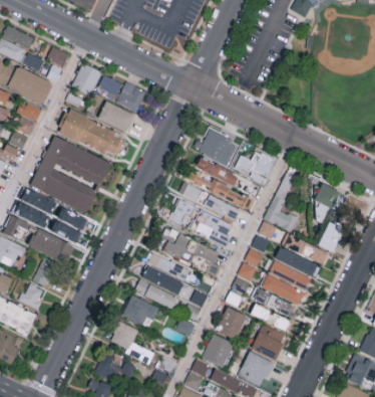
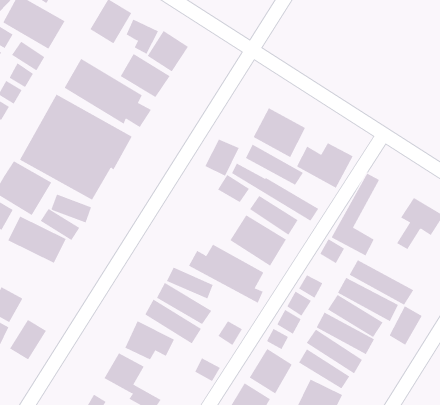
building: [169,200,194,227] -> [205,139,239,177]
building: [319,222,342,251] -> [389,306,422,345]
building: [32,257,58,287] -> [9,319,47,360]

